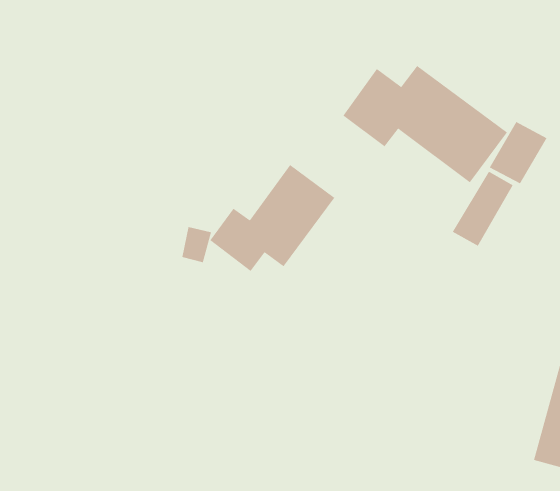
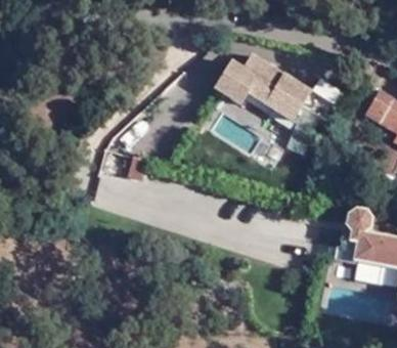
building: [209,164,335,272] -> none

